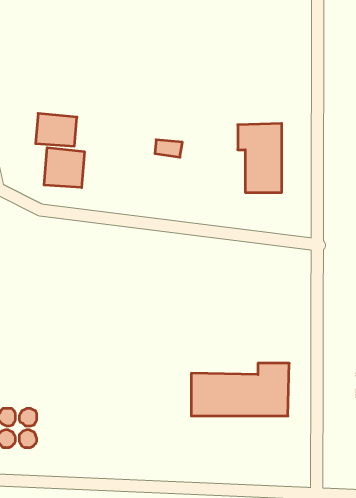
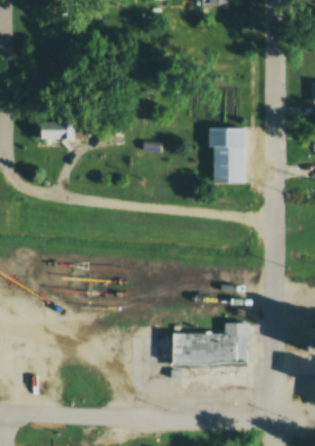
building: [44,148,84,188] -> none

